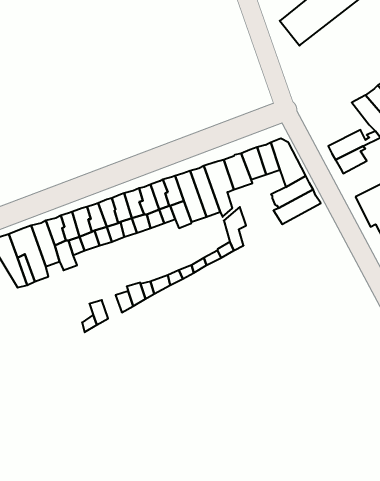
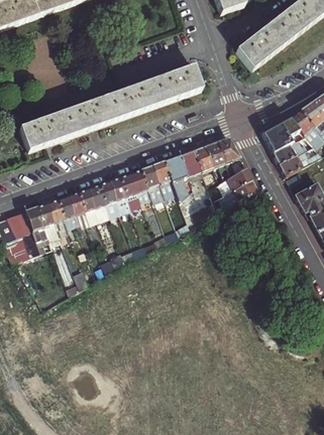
building: none -> [16,64,196,150]
building: none -> [261,115,306,150]

